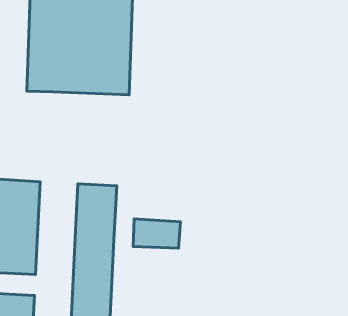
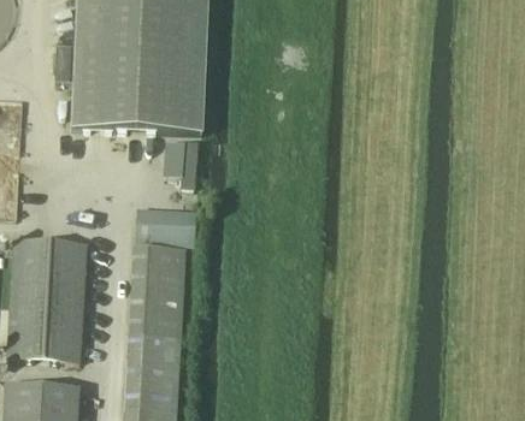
building: none -> [165,137,200,188]
building: [133,219,180,248] -> [138,207,199,244]

